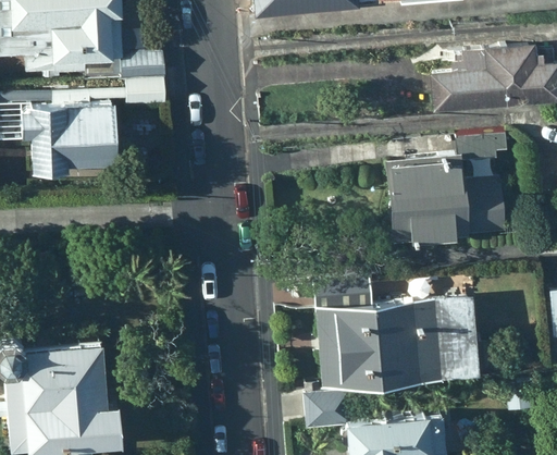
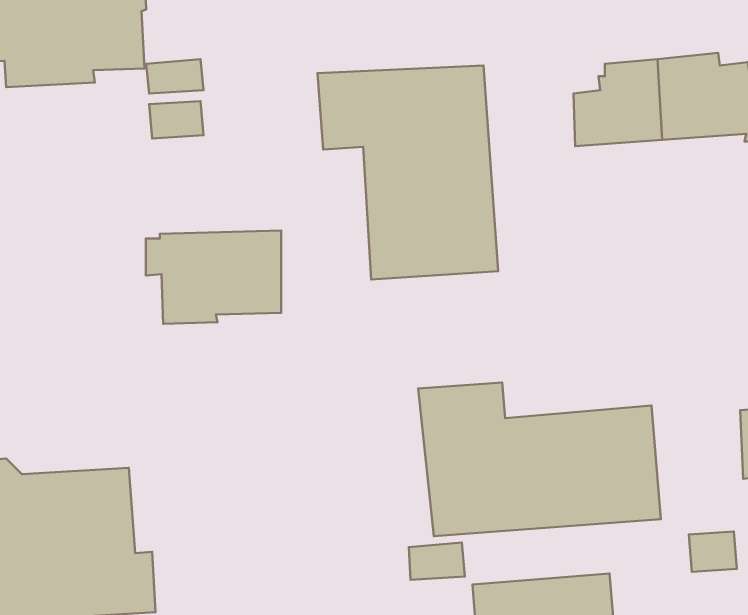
building: none -> [318,65,498,280]
building: [24,103,119,169] -> [146,231,281,324]
building: [386,137,503,242] -> none

